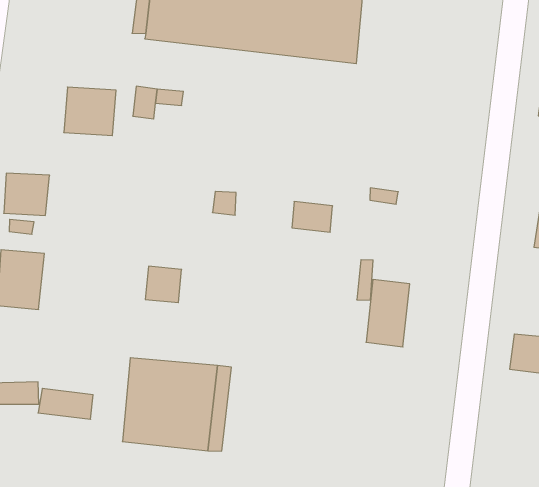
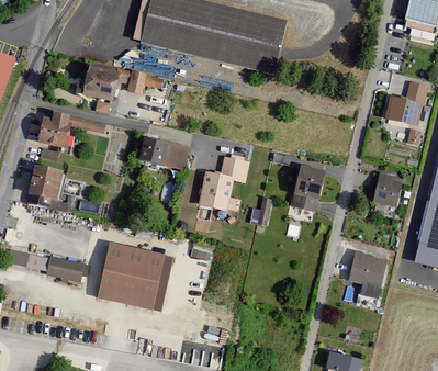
building: none -> [200,172,234,211]
building: [145,266,182,303] -> [141,139,166,165]
building: [366,279,410,347] -> [293,167,325,212]

